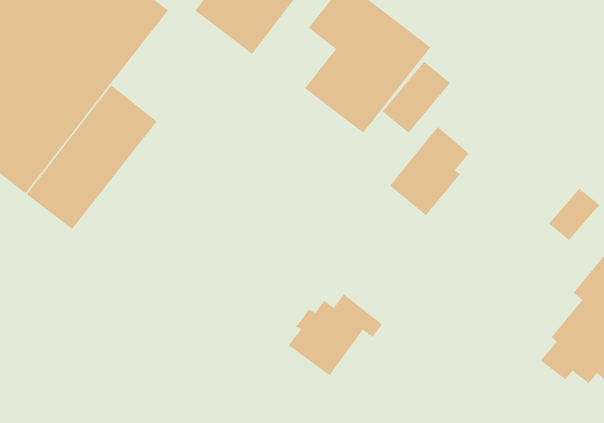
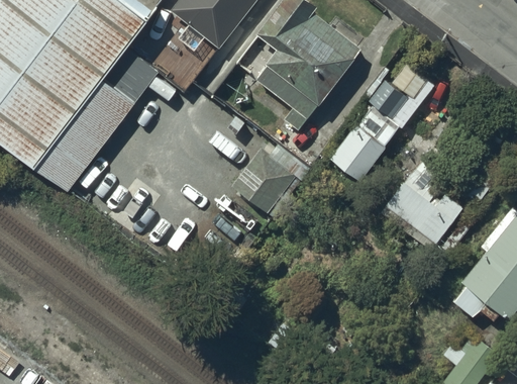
building: [382,61,451,134] -> [374,64,430,123]
building: none -> [387,156,466,246]
building: [288,294,383,376] -> [232,146,310,213]

